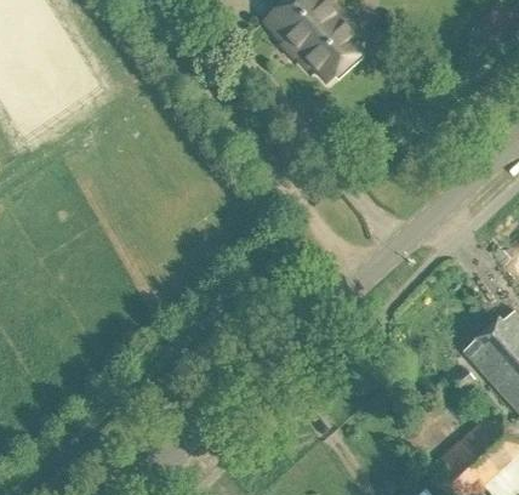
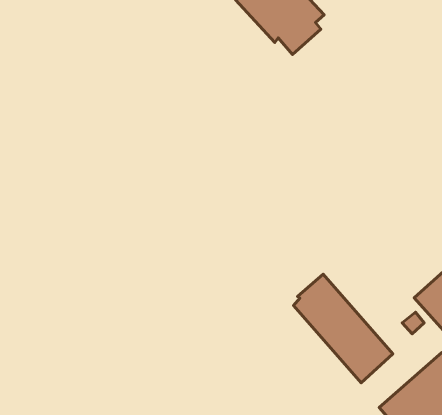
building: none -> [293,274,393,383]

